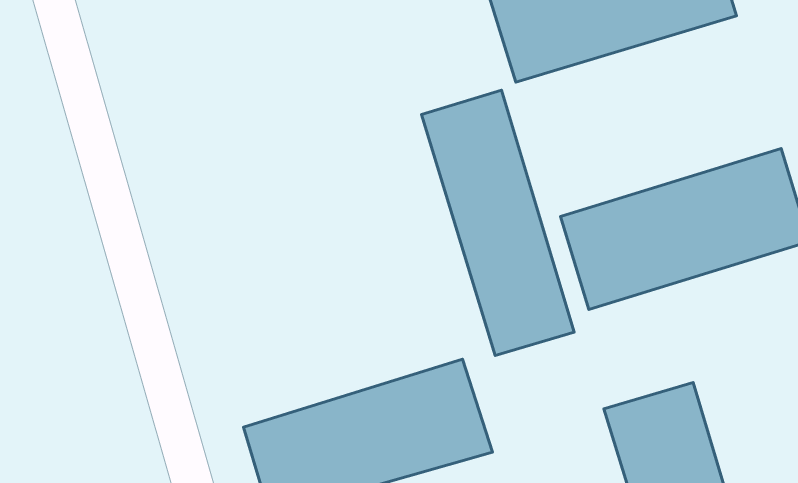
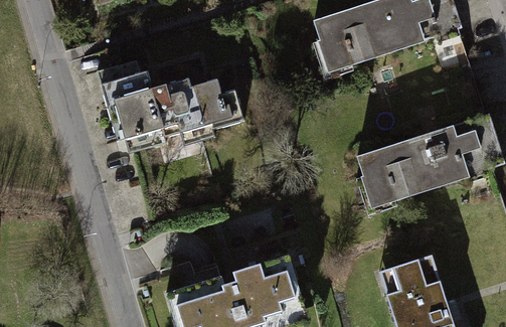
building: none -> [99,66,246,158]
building: [421,90,574,356] -> none

